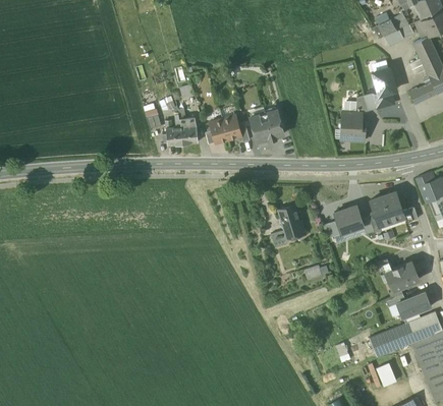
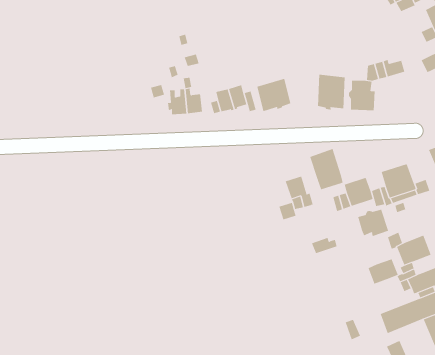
building: [373,68,396,96] -> none
building: none -> [317,74,345,110]
building: none -> [309,148,343,190]
building: none -> [357,209,389,237]
building: none -> [368,258,398,284]

